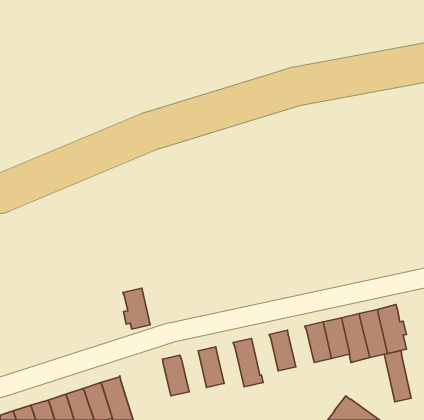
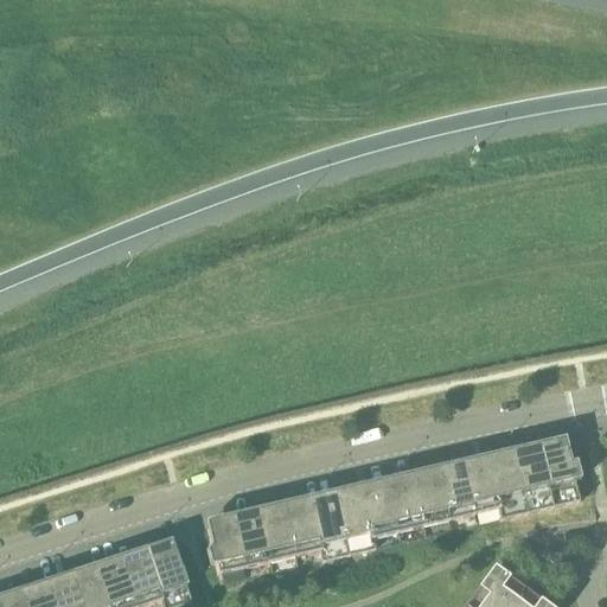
building: [123,288,150,329] -> [206,512,245,570]
building: none -> [411,465,449,523]
building: none -> [360,477,398,535]
building: none -> [309,488,350,558]
building: [384,350,411,402] -> none
building: none -> [258,500,296,558]

